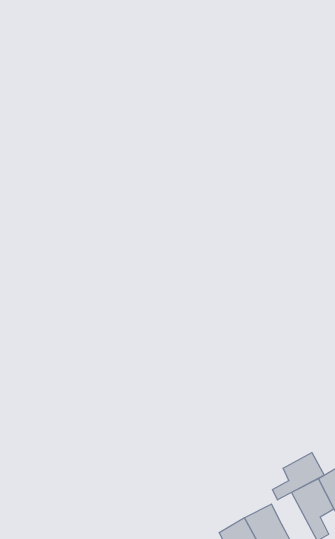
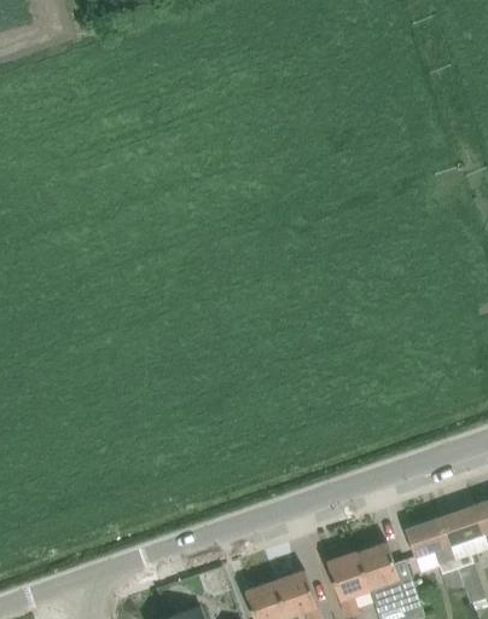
building: [273,453,324,500] -> none

